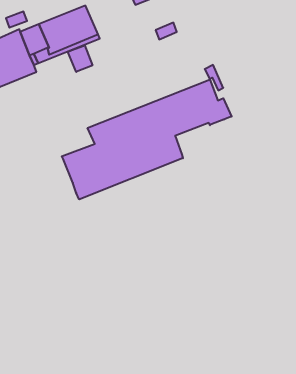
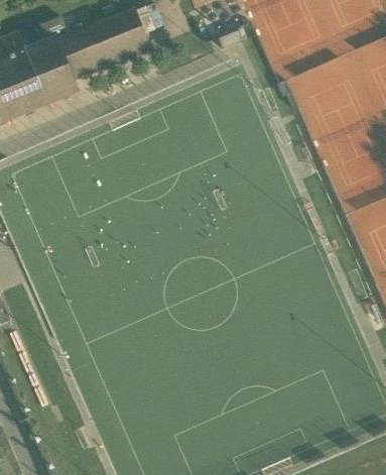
building: [68,45,92,72] -> none
building: [62,79,232,199] -> none

